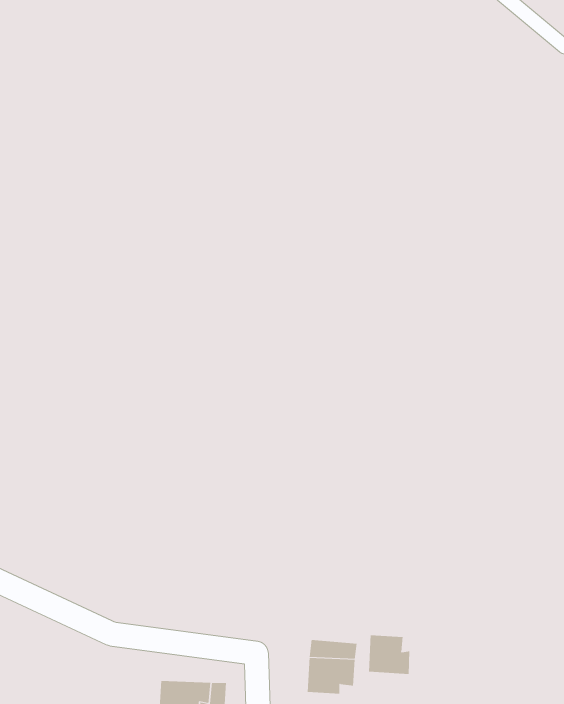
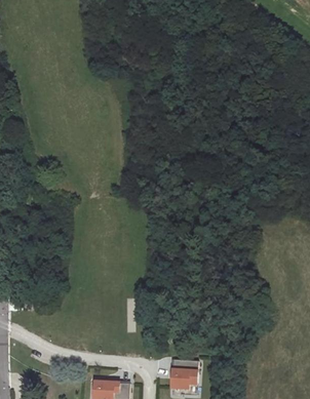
building: [368,635,410,675] -> none

